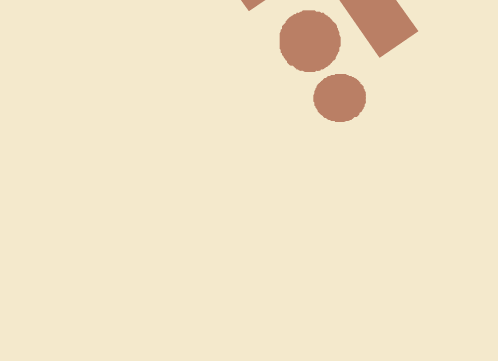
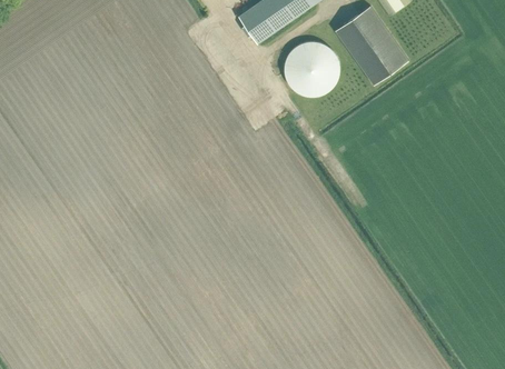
building: [313,73,366,123] -> none

